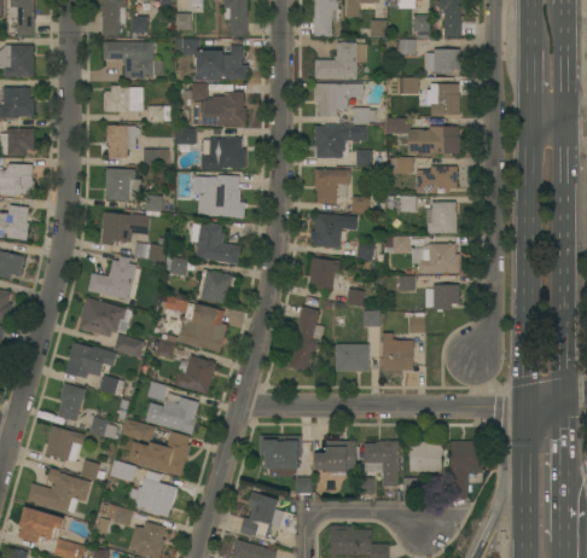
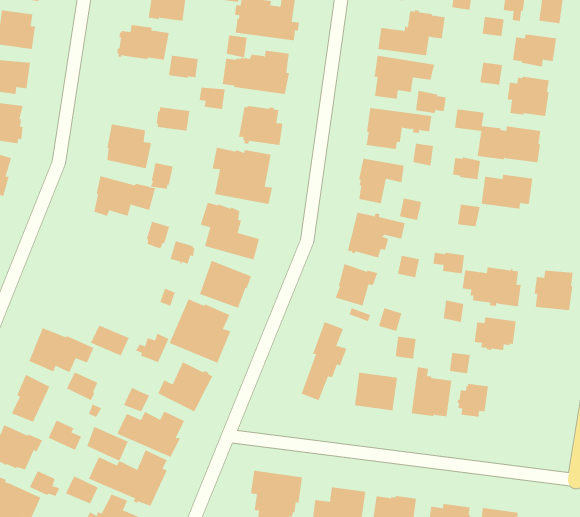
building: [106,126,140,158] -> none
building: [425,202,457,234] -> [534,270,574,311]
building: [88,256,135,300] -> none
building: [79,298,133,338] -> none
building: none -> [457,383,488,418]

